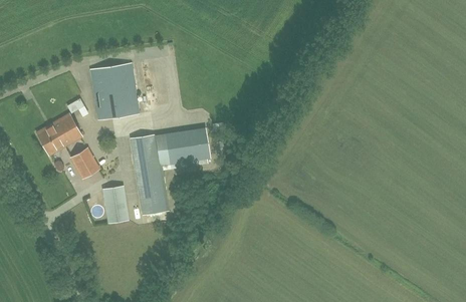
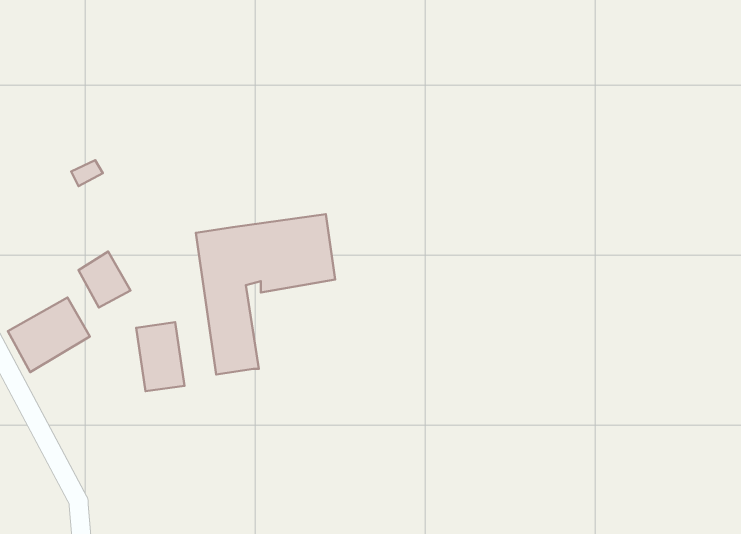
building: [90,63,138,119] -> none
building: [36,114,80,155] -> [8,298,90,372]

